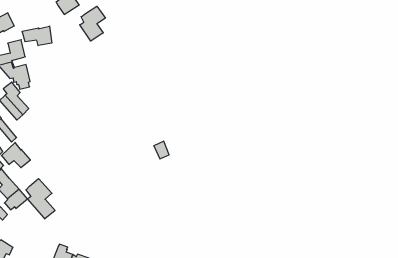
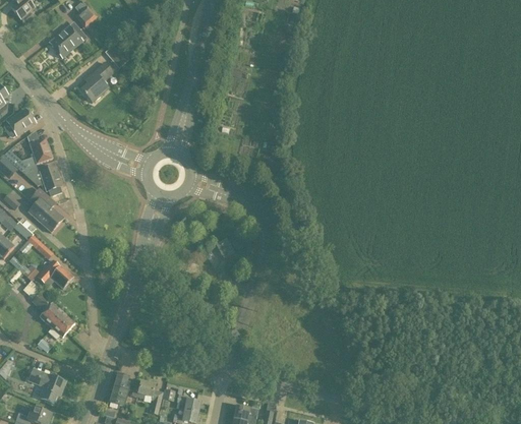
building: [80,6,105,41] -> none
building: [22,26,52,46] -> none
building: [26,179,55,219] -> none

